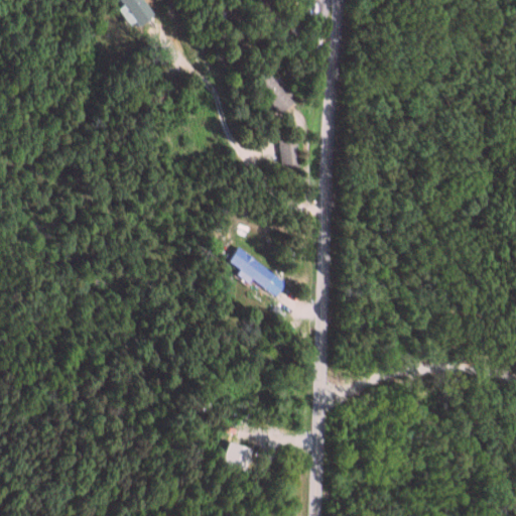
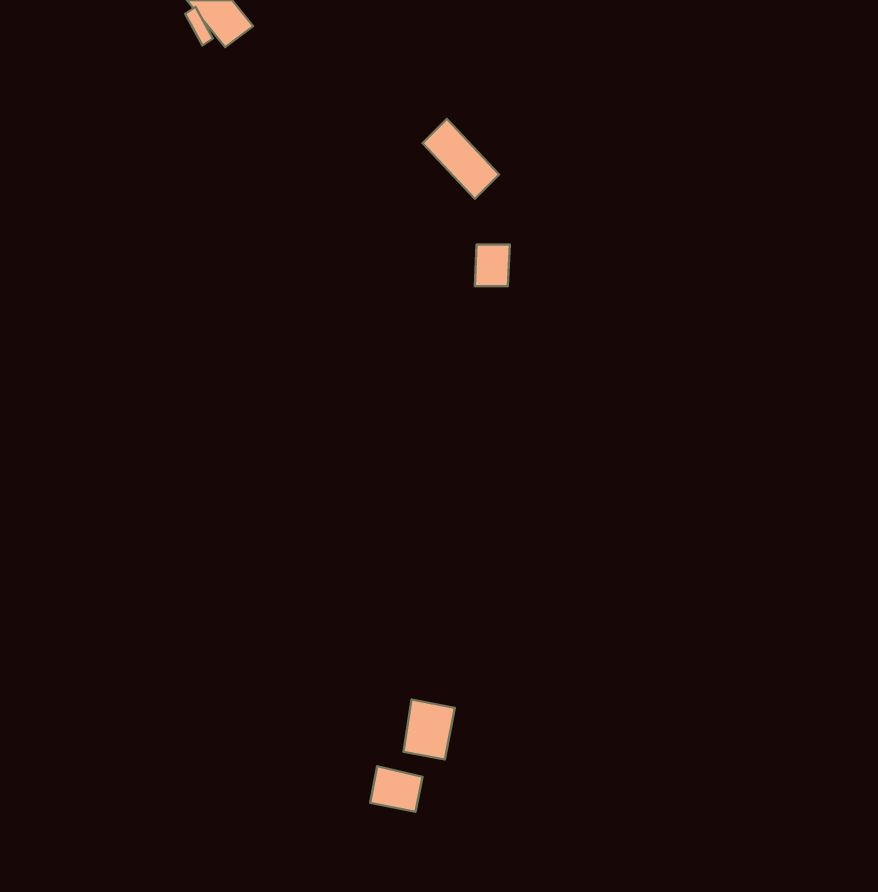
building: [227,247,289,296] -> none
building: none -> [404,699,455,760]

